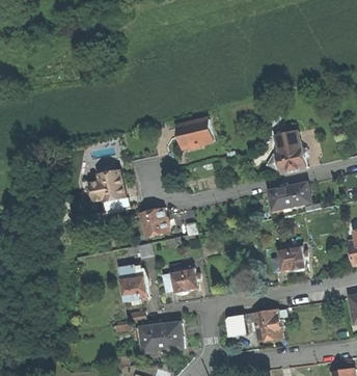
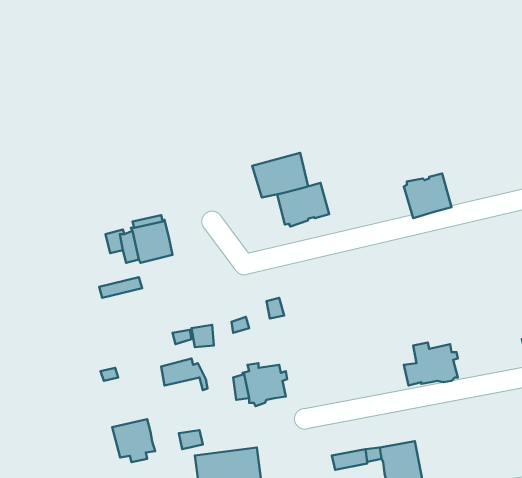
building: none -> [277,183,329,226]
building: [268,179,310,206] -> none
building: [138,205,169,234] -> none
building: [119,273,147,301] -> [112,419,155,462]

